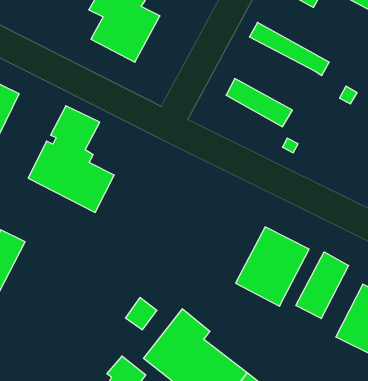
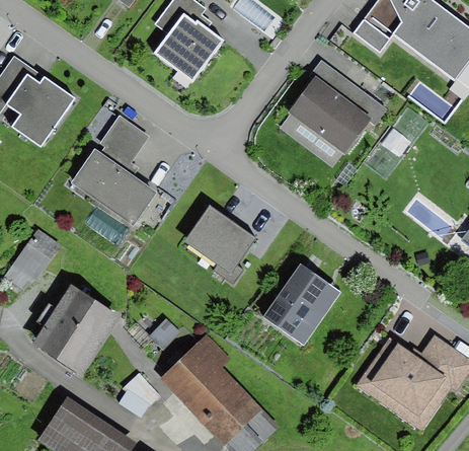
building: none -> [289,76,372,153]
building: none -> [183,204,256,283]
building: [296,252,349,319] -> none
building: none -> [33,285,121,374]

